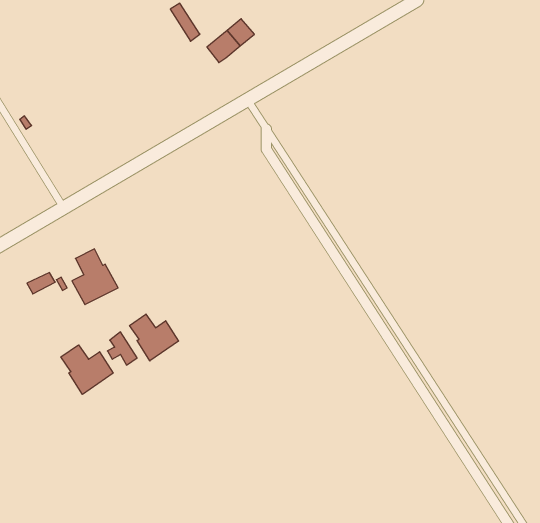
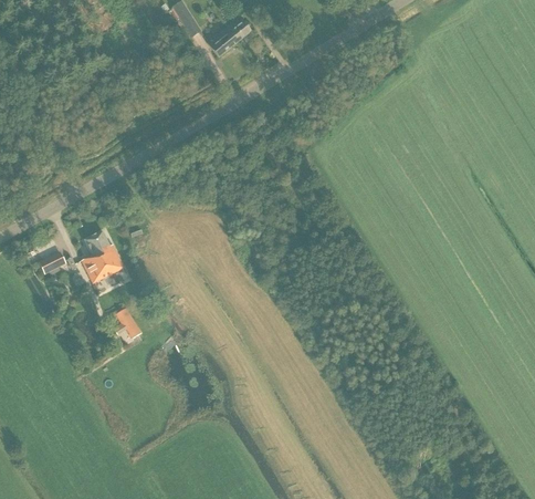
building: [130,314,179,361] -> none
building: [61,345,113,394] -> none

